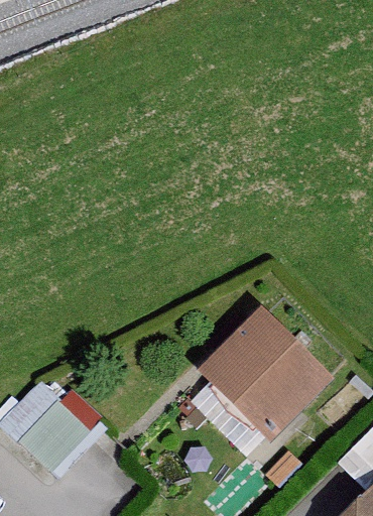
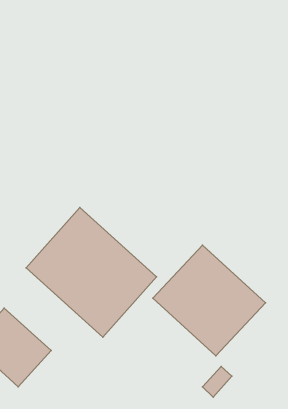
building: none -> [26,207,157,337]

